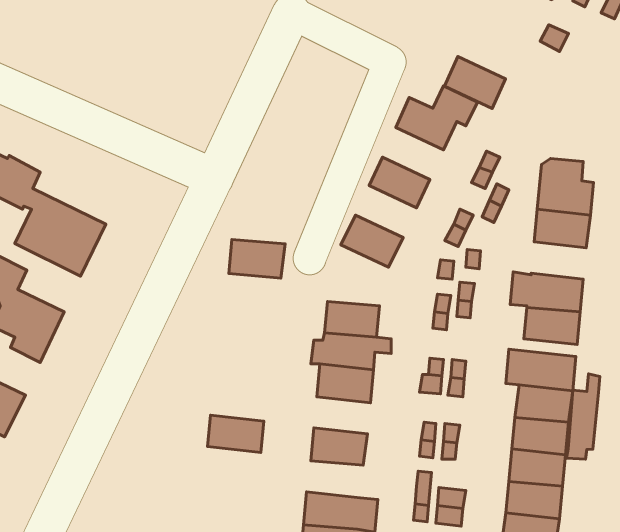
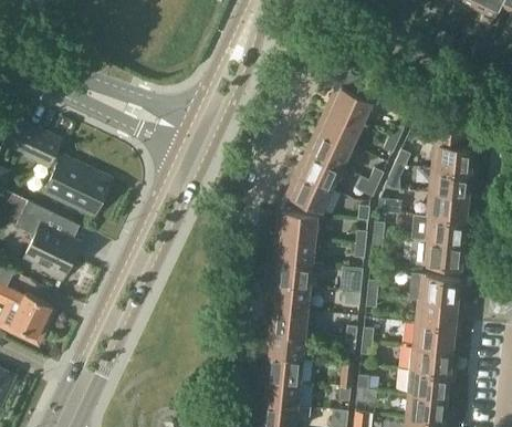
building: [444,56,505,109] -> [316,107,362,146]
building: none -> [296,150,342,189]
building: [229,239,285,278] -> [275,211,317,240]
building: none -> [427,192,468,220]
building: [567,374,600,459] -> none
building: [207,415,264,453] -> [265,308,307,335]
building: none -> [260,355,302,383]

